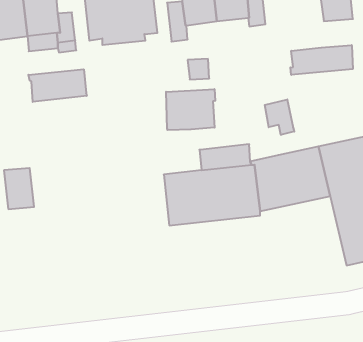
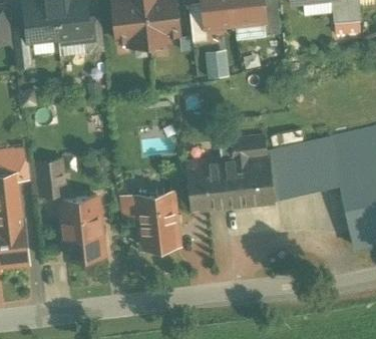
building: [290,45,353,75] -> none
building: [28,69,87,102] -> none
building: [166,89,215,130] -> none
building: [265,99,294,135] -> none
building: none -> [137,194,178,249]
building: none -> [61,198,102,257]

